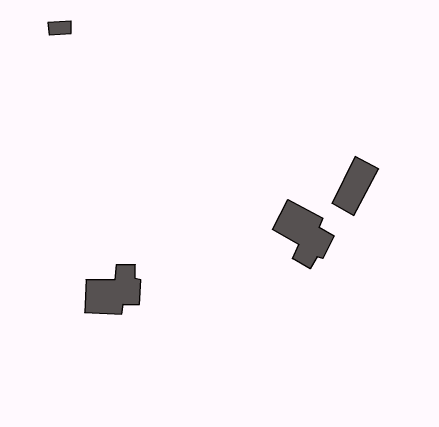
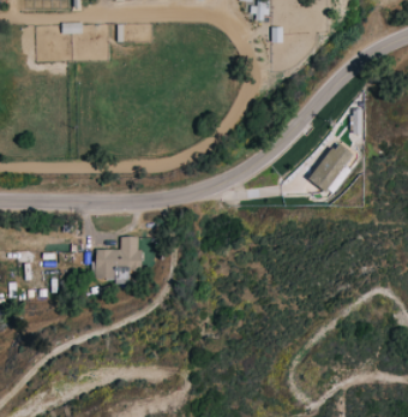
building: [272,200,334,269] -> none

